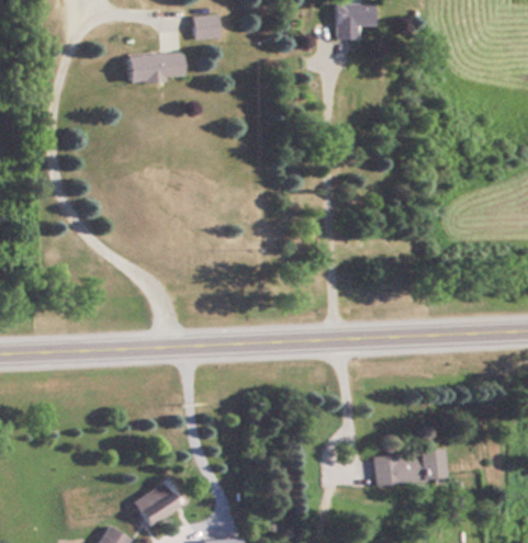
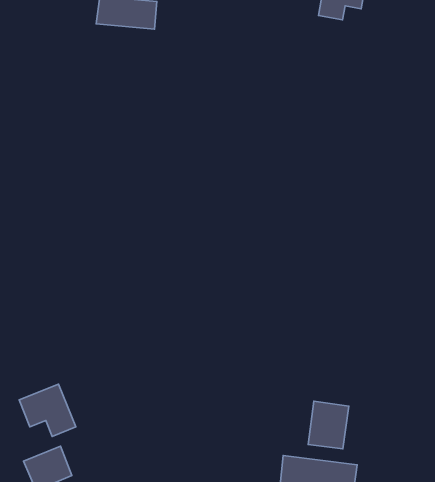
building: none -> [308,401,349,449]
building: none -> [19,384,76,436]

